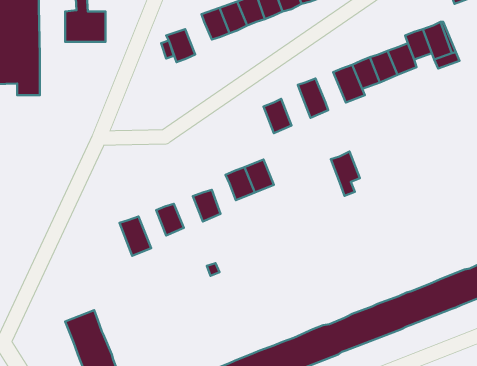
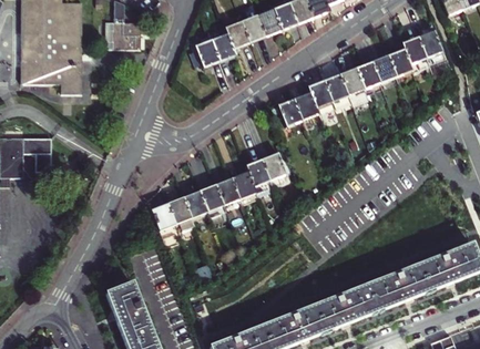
building: none -> [212,31,237,60]
building: none -> [326,75,353,109]
building: [331,152,360,196] -> [296,92,321,131]
building: none -> [235,173,261,204]
building: none -> [202,184,228,216]
building: none -> [171,196,197,229]

